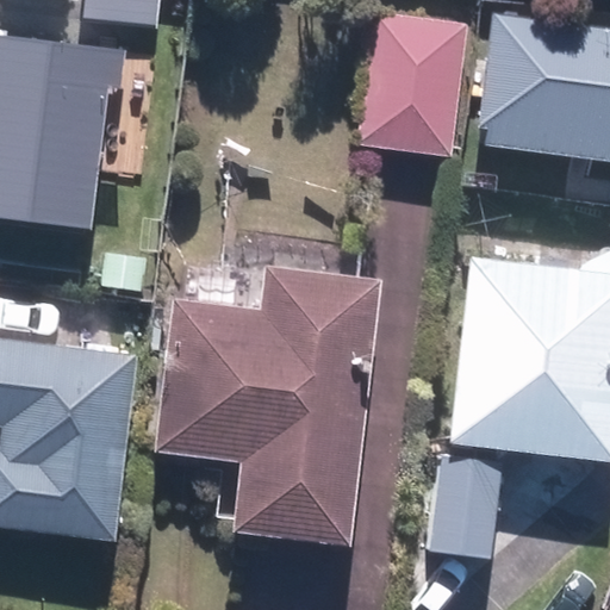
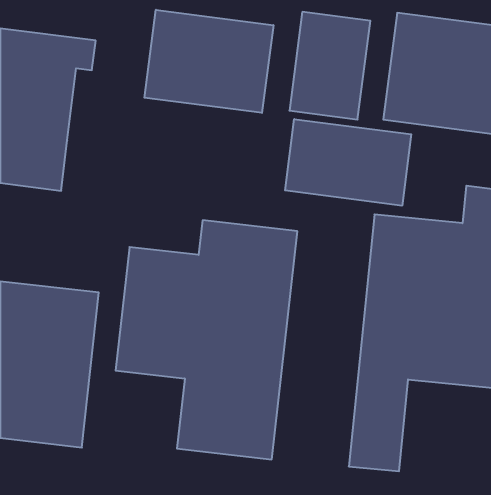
building: none -> [144,10,273,113]
building: none -> [285,119,411,206]

